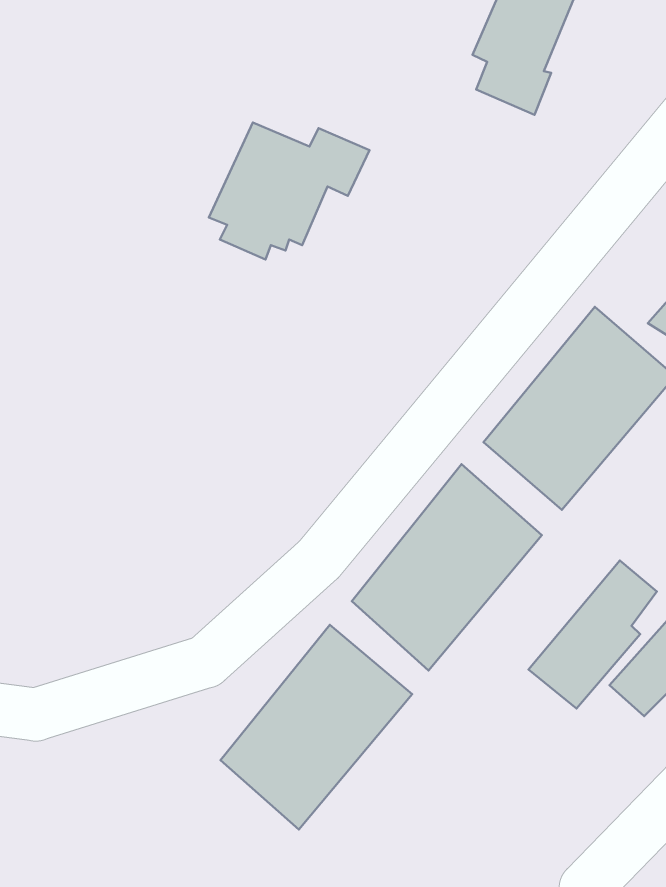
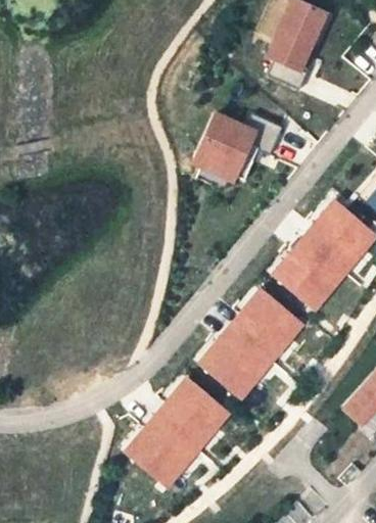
building: [209,123,370,260] -> [192,111,282,188]
building: [529,561,657,709] -> none

